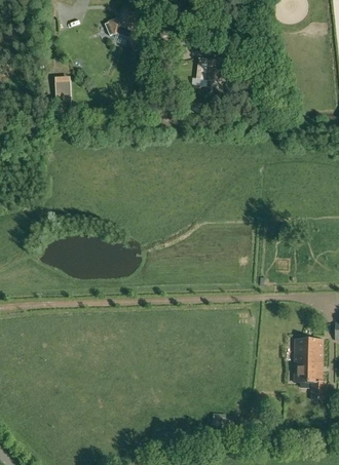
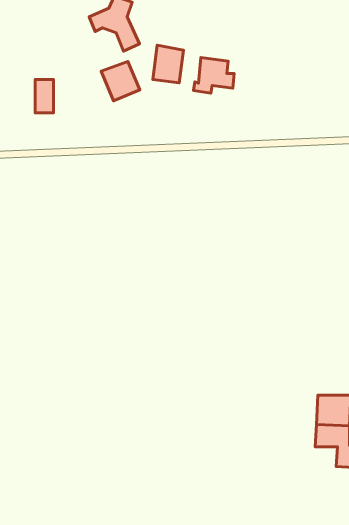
building: none -> [153,45,184,83]
building: none -> [101,62,140,101]

